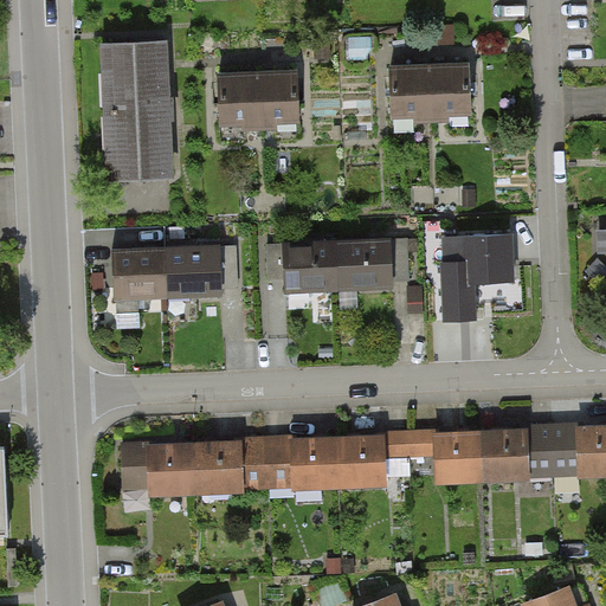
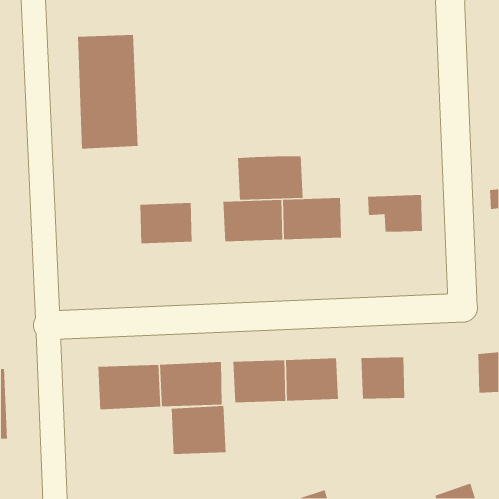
building: [387,63,471,118] -> none
building: [220,72,301,127] -> [237,156,304,200]
building: [107,247,170,297] -> none
building: [441,260,477,322] -> none
building: [490,430,554,483] -> none
building: none -> [171,405,226,455]

